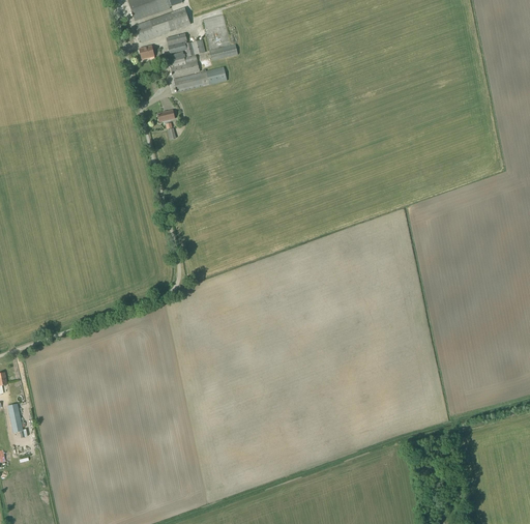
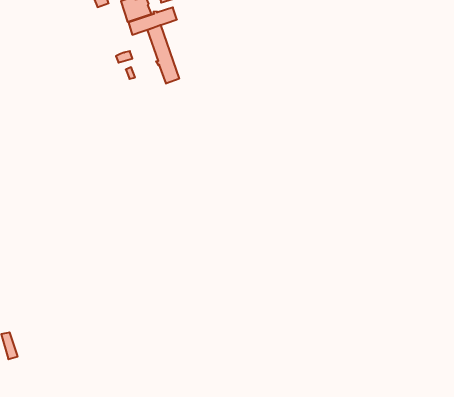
building: none -> [148,25,179,84]

